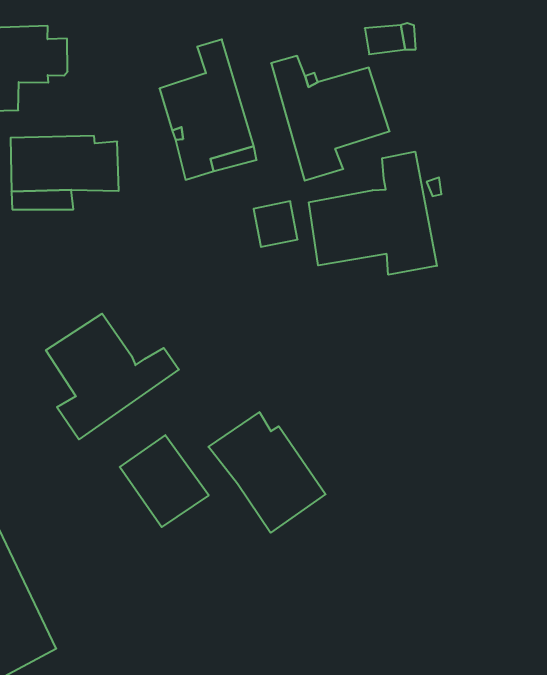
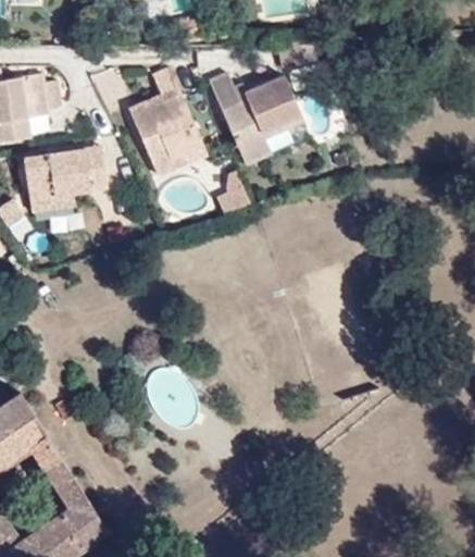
building: [309,152,437,275] -> none
building: [46,314,179,439] -> none
building: [208,412,326,533] -> none

